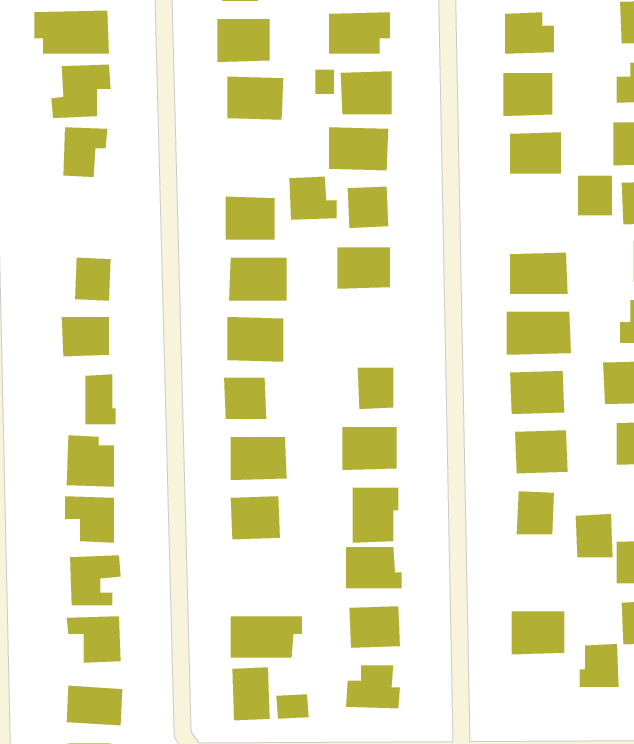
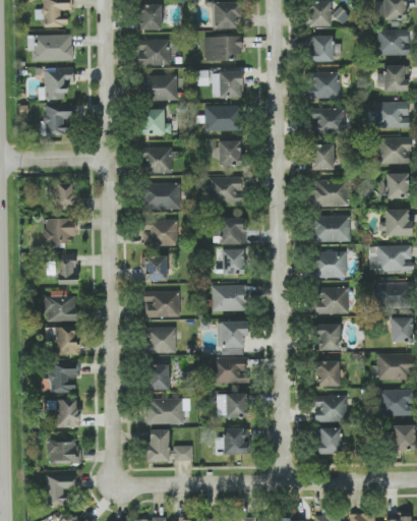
building: [577,175,613,216] -> [312,144,334,169]
building: [288,176,337,220] -> [141,109,171,135]
building: none -> [214,219,244,244]
building: [575,514,614,558] -> [316,360,340,387]
building: none -> [147,364,170,390]
building: [579,643,620,687] -> [317,427,342,454]

